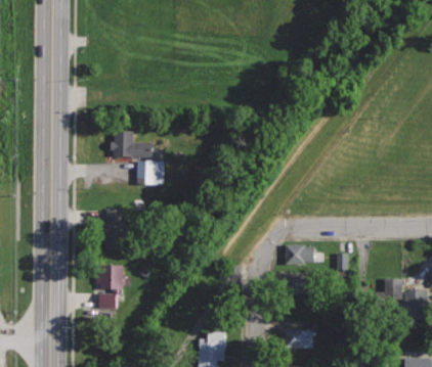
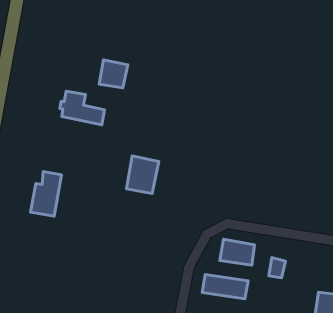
building: none -> [99,60,128,88]
building: [139,160,165,192] -> [126,156,159,193]
building: [99,265,125,307] -> none

